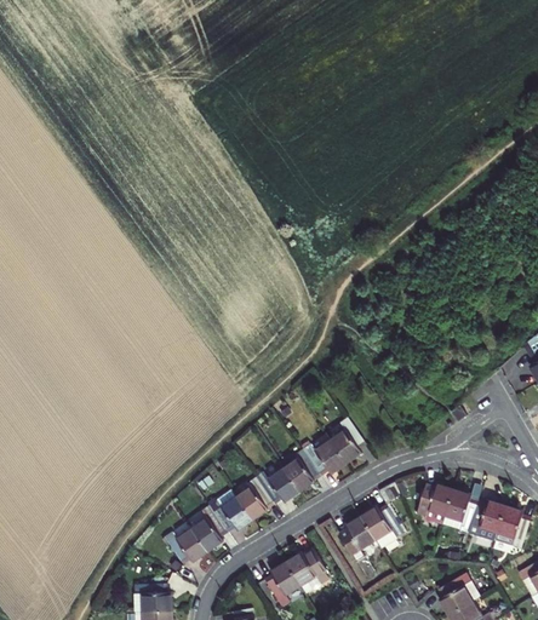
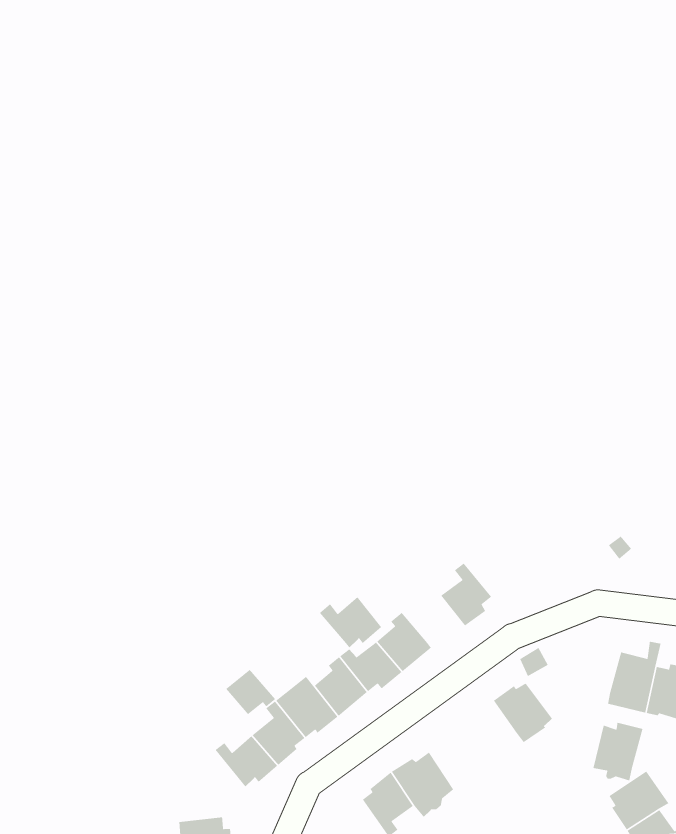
building: [301,440,344,476] -> [319,596,382,649]
building: none -> [225,669,276,715]
building: [414,482,452,524] -> [593,722,643,781]
building: [338,516,374,561] -> none

